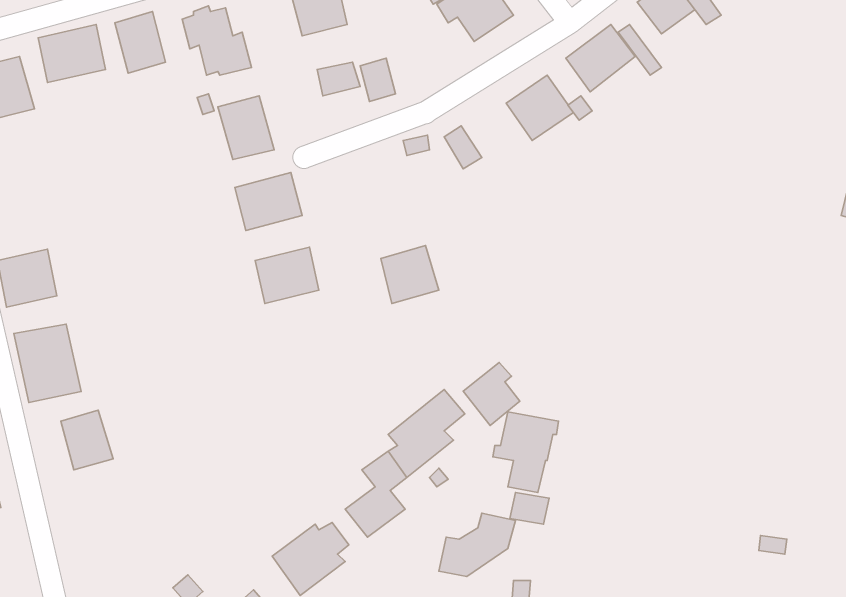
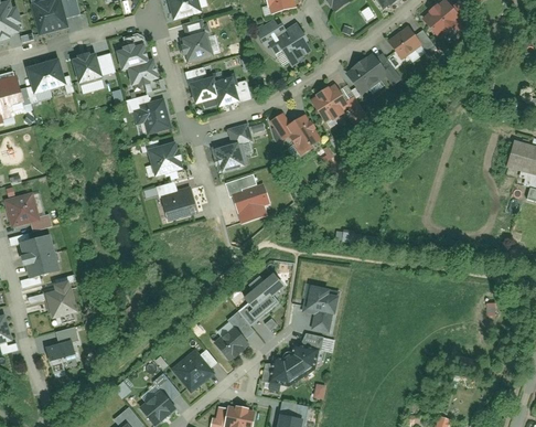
building: none -> [289,114,322,149]
building: none -> [217,137,251,170]
building: [463,362,520,426] -> none
building: none -> [45,341,76,367]

